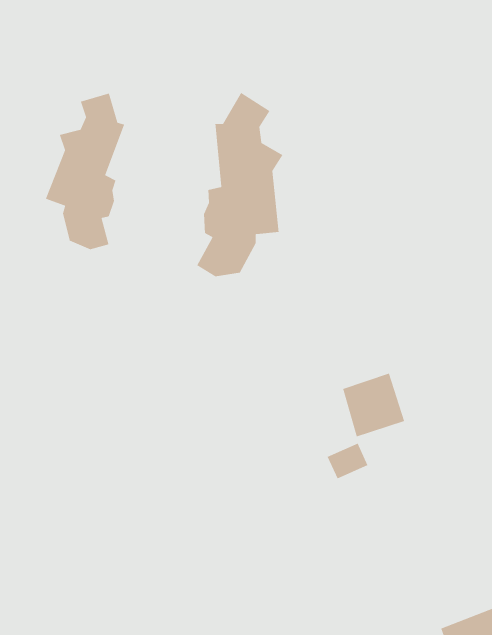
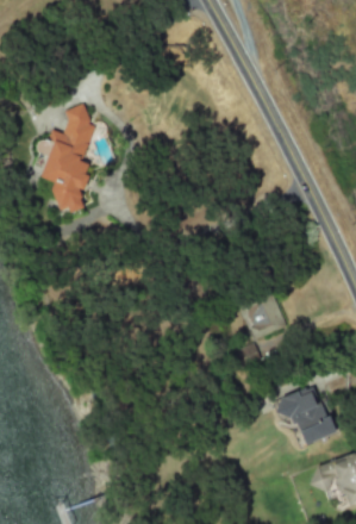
building: [196,92,283,277] -> none
building: none -> [275,386,333,445]

